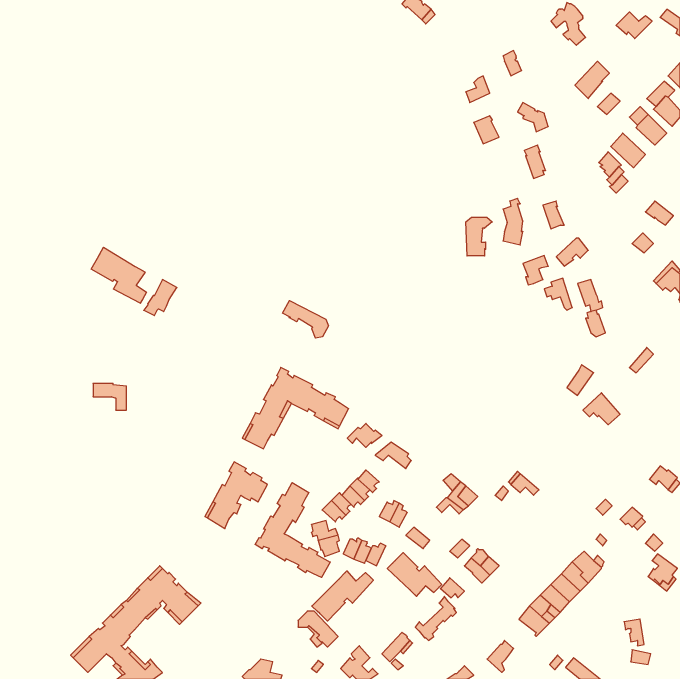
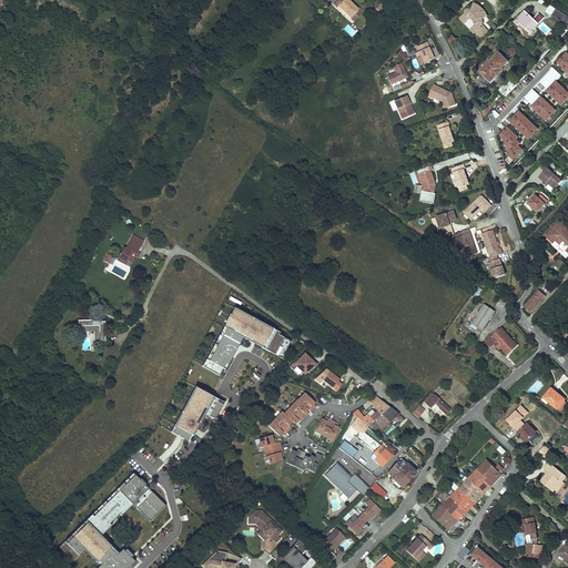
building: [466,217,492,256] -> none
building: [91,247,146,303] -> none
building: [283,301,328,338] -> none
building: [255,483,330,577] -> none
building: [312,571,373,621] -> none

